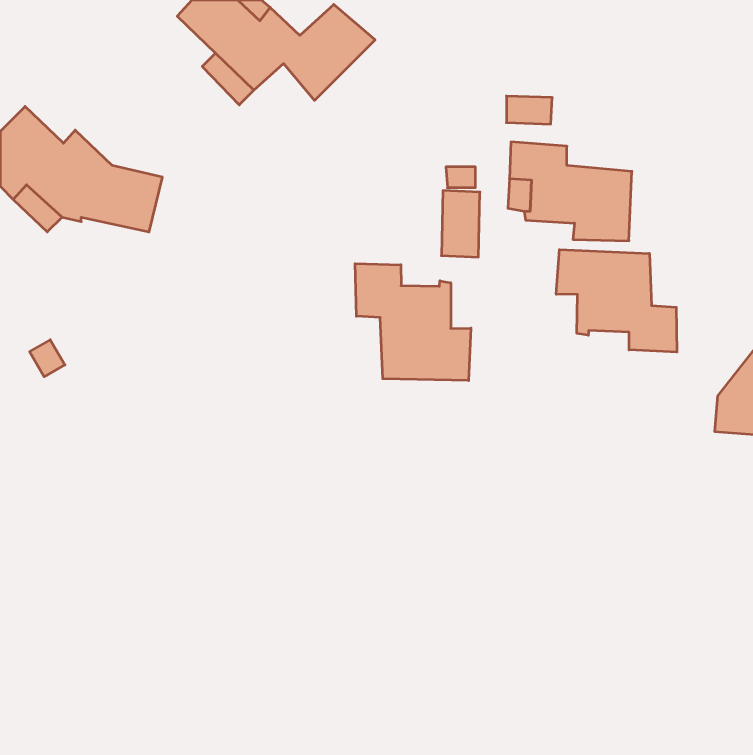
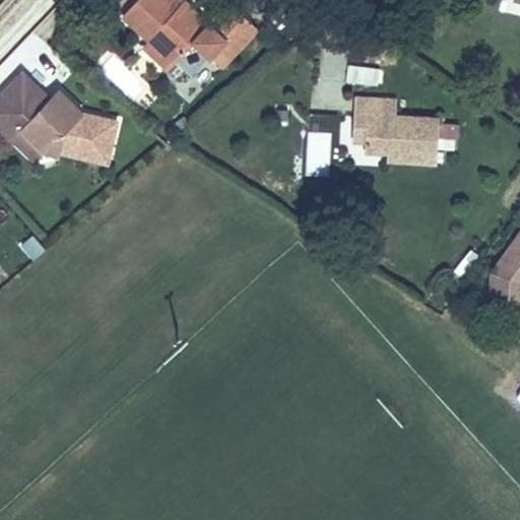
building: [556,250,677,352] -> none
building: [355,264,471,381] -> none

